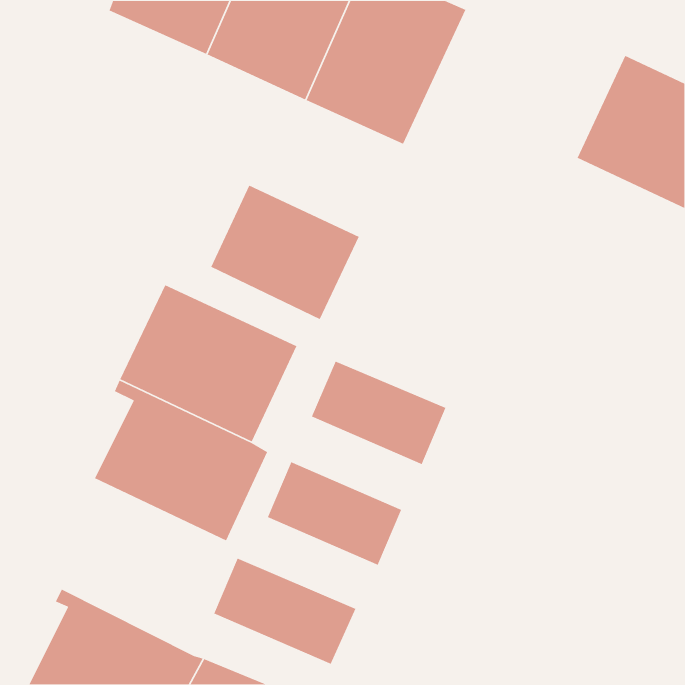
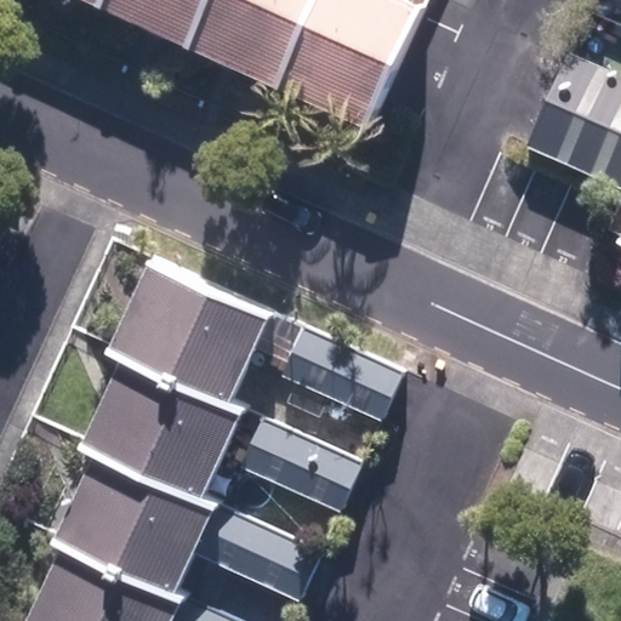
building: [210,184,360,320] -> none
building: none -> [56,433,215,593]

